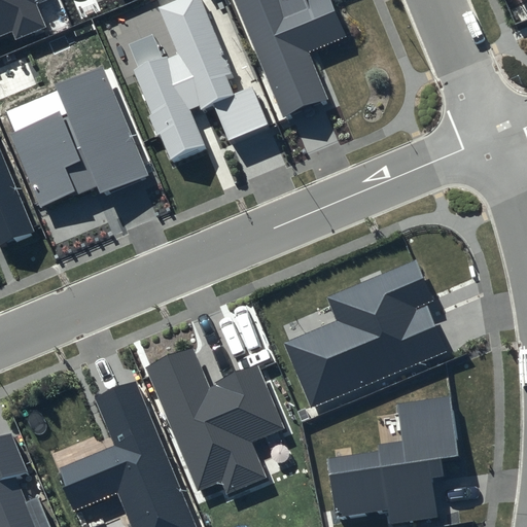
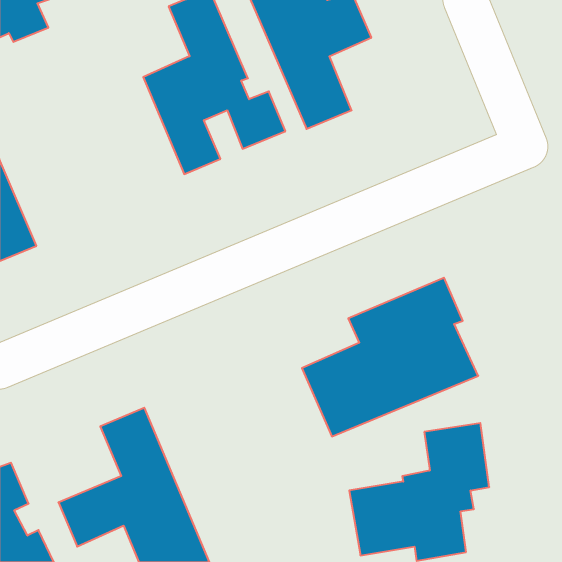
building: [9,64,148,209] -> none
building: [144,347,284,493] -> none

